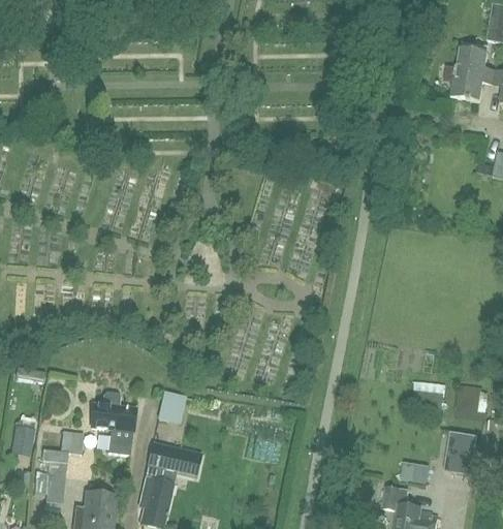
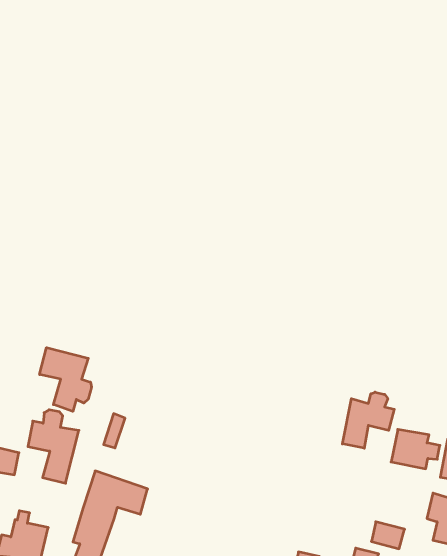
building: none -> [40,348,91,411]
building: none -> [342,392,394,448]

